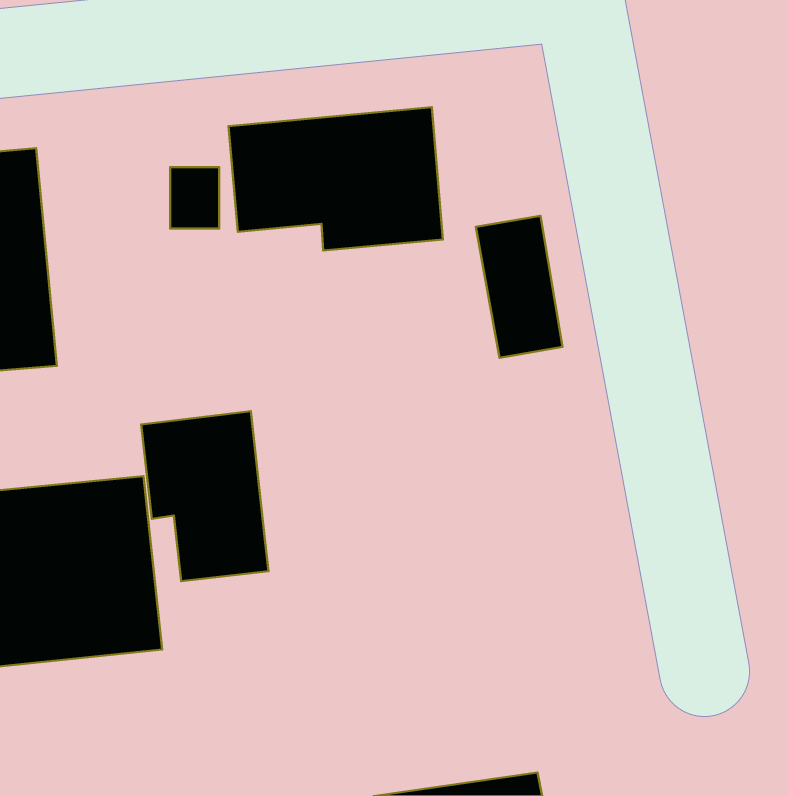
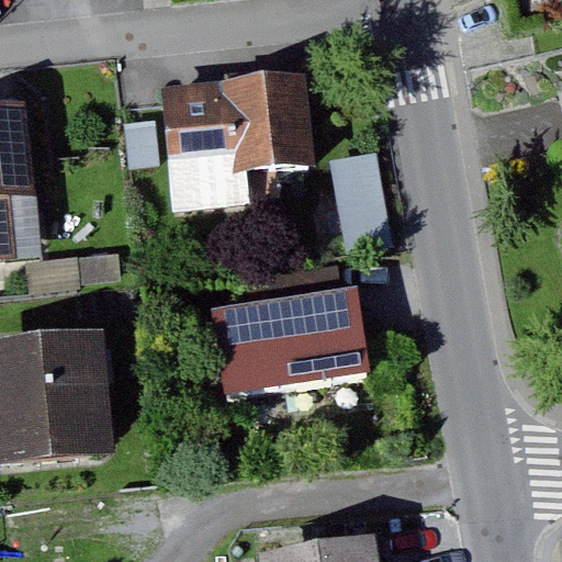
building: none -> [212,262,368,393]
building: [141,411,269,581] -> none

